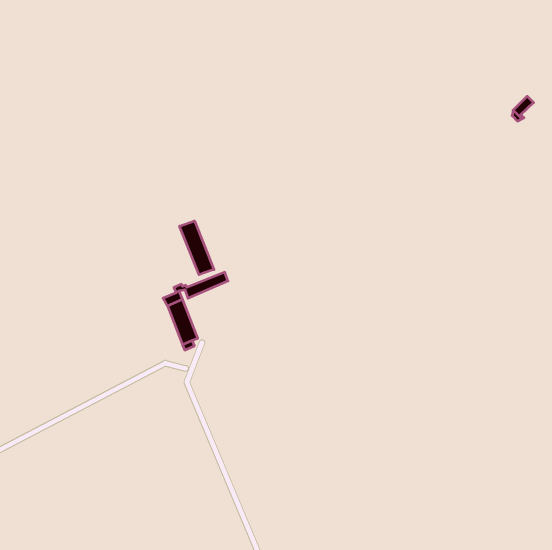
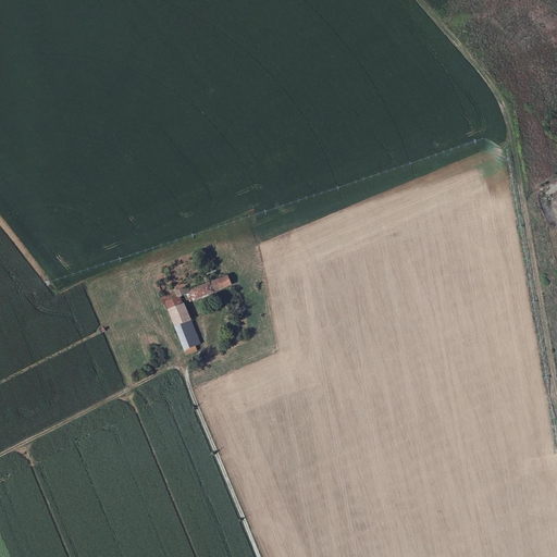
building: [180,221,214,275] -> none

